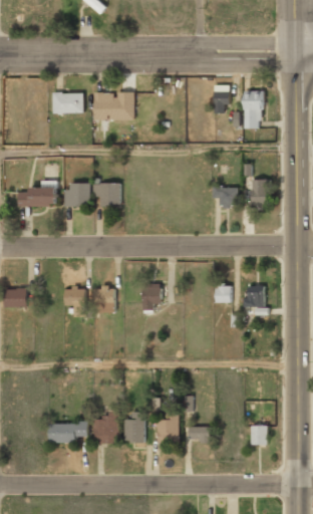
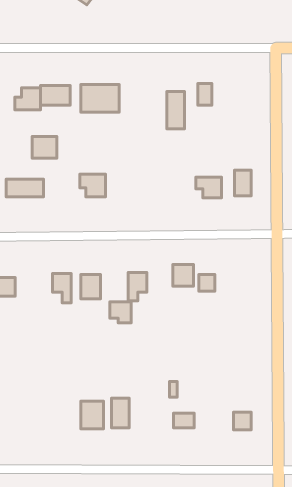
building: [244,90,262,128] -> [167,91,185,129]
building: none -> [15,88,40,110]
building: [64,185,89,207] -> [32,136,57,158]
building: [244,286,265,308] -> [173,264,193,286]
building: none -> [110,302,131,323]
building: [158,413,179,444] -> none
building: [48,424,86,443] -> none

